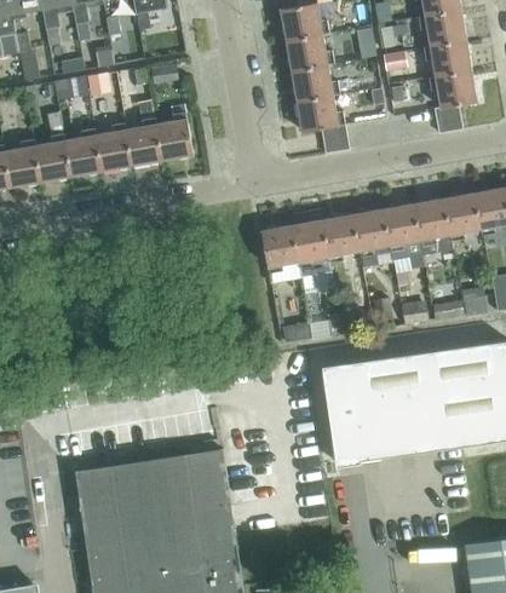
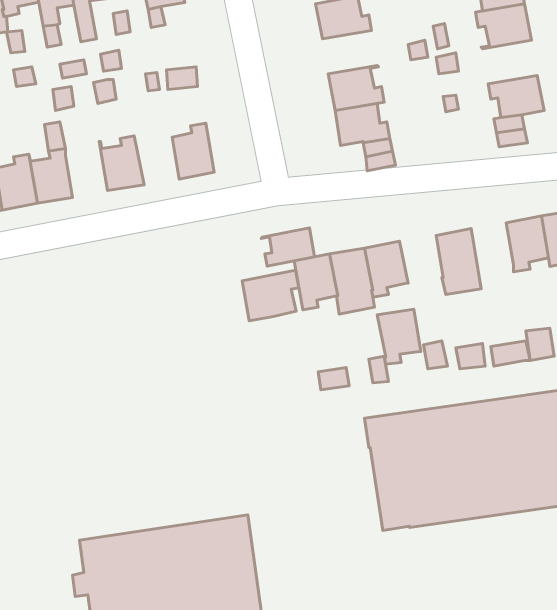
building: [286,31,333,69] -> none
building: [424,40,471,77] -> none
building: [123,116,162,165] -> none
building: [64,127,100,175] -> none
building: [414,197,453,254] -> none
building: none -> [261,228,314,266]
building: [352,208,390,255] -> [377,309,421,364]
building: none -> [242,270,299,321]

